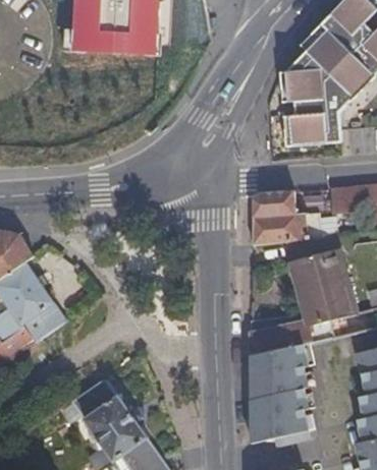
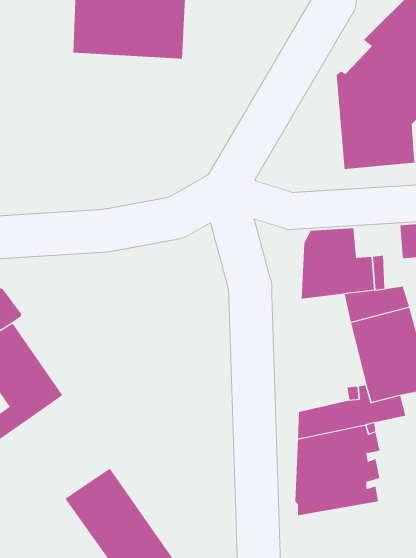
building: [250,404,315,442] -> none

